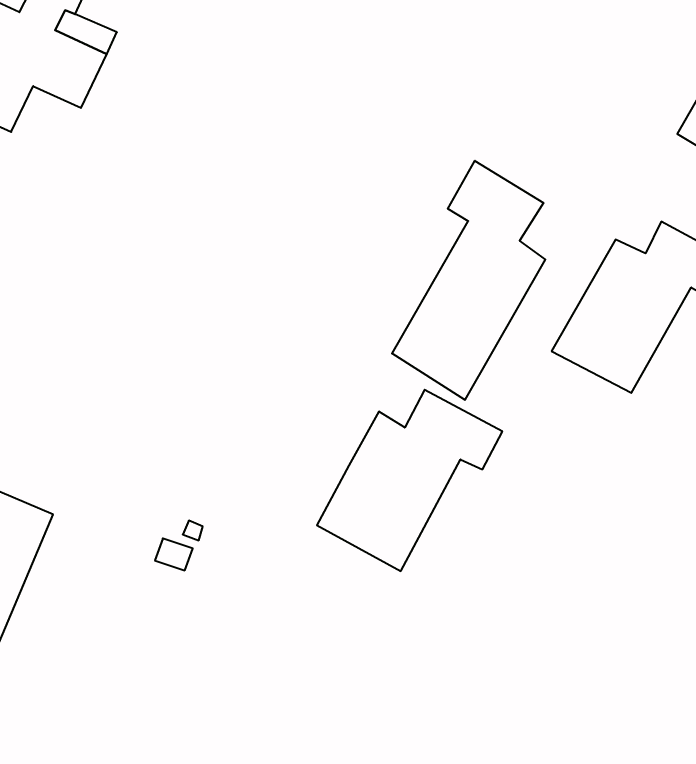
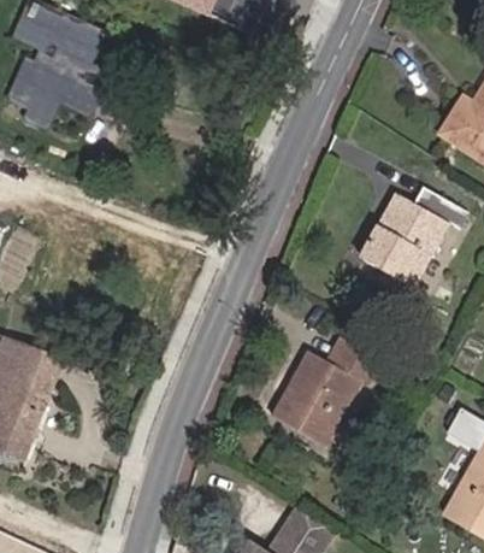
building: [392,161,545,400] -> none
building: [317,390,502,571] -> [273,342,385,452]

